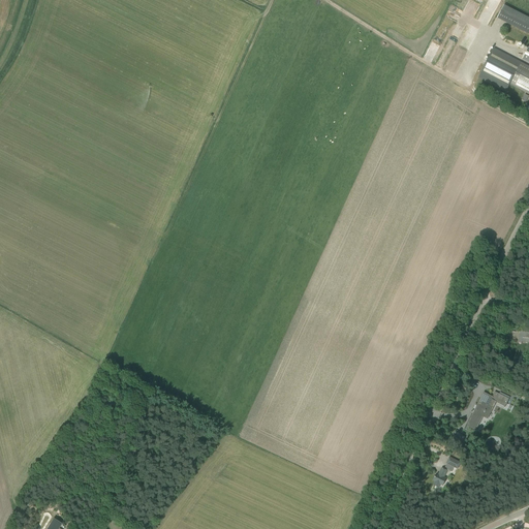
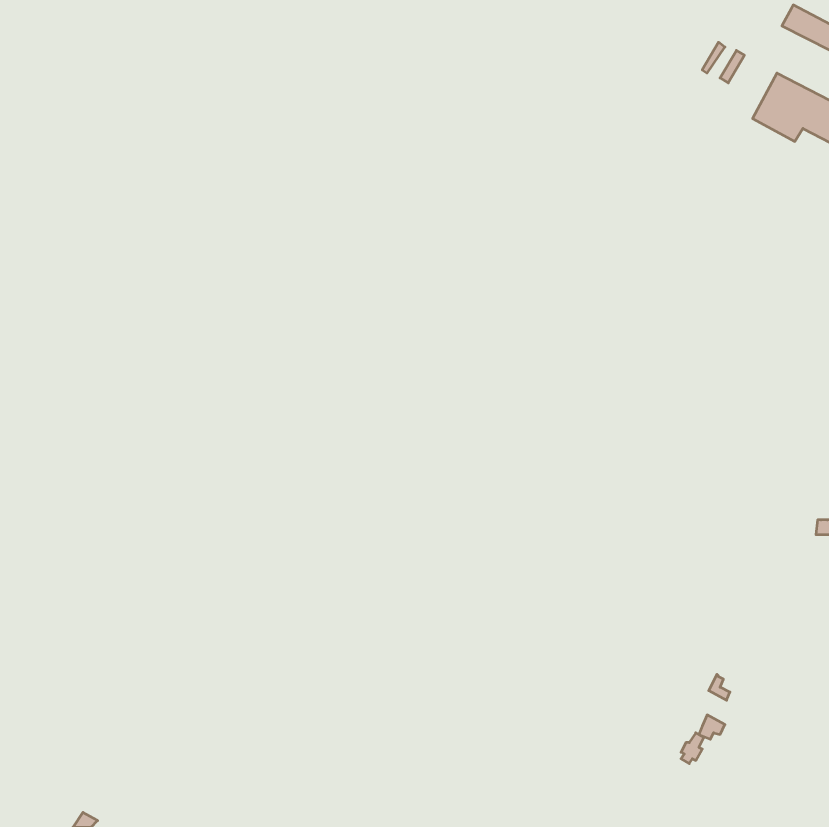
building: [468,390,510,429] -> none

